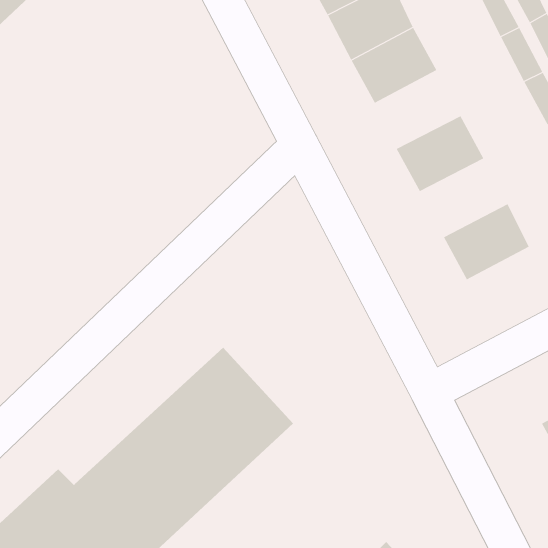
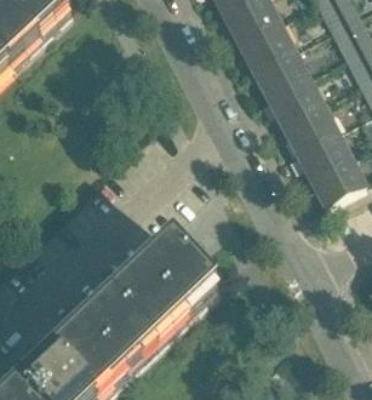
building: none -> [263,69,316,118]
building: none -> [291,124,345,172]

